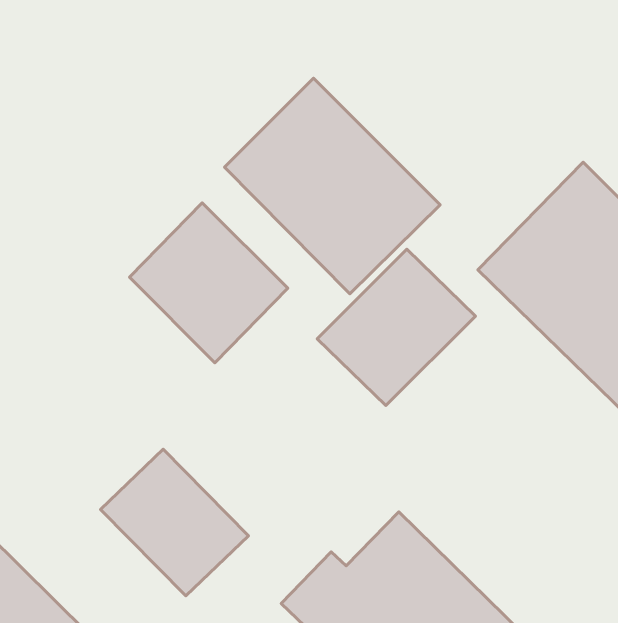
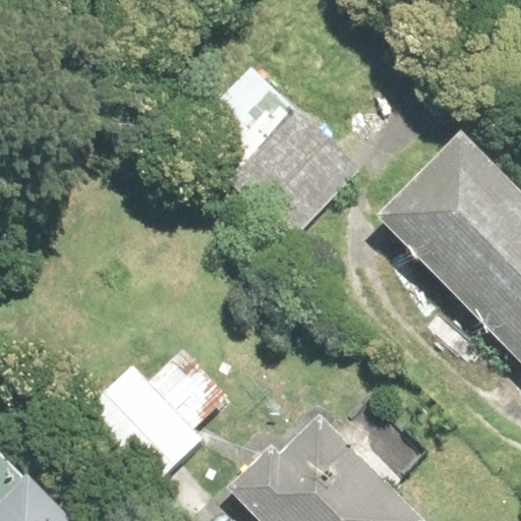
building: [129,203,288,363] -> none
building: [317,249,475,406] -> none

